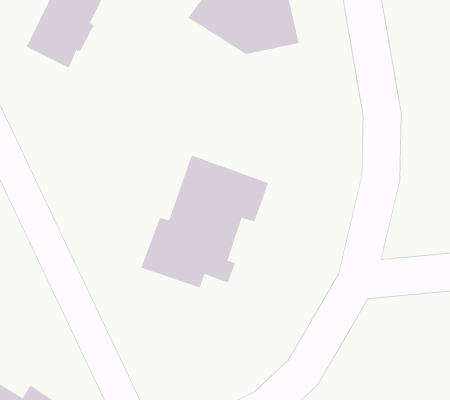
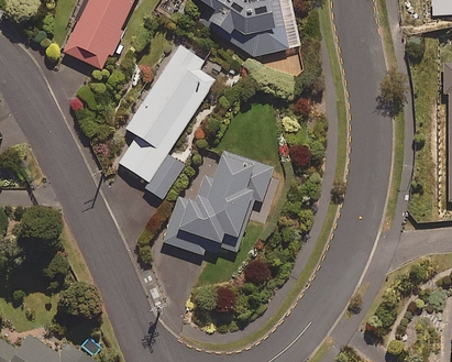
building: none -> [119,44,214,199]

